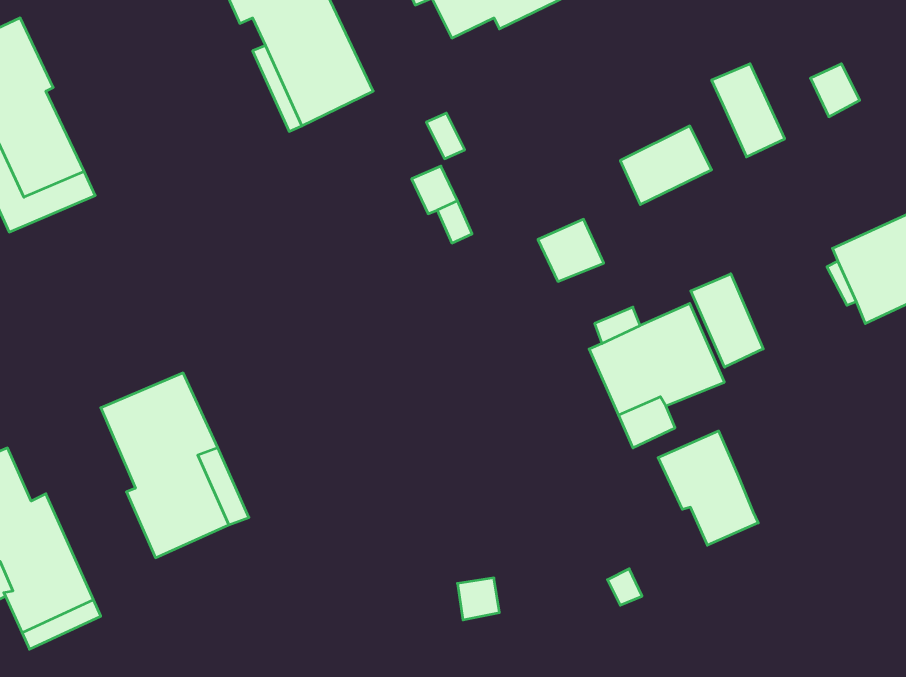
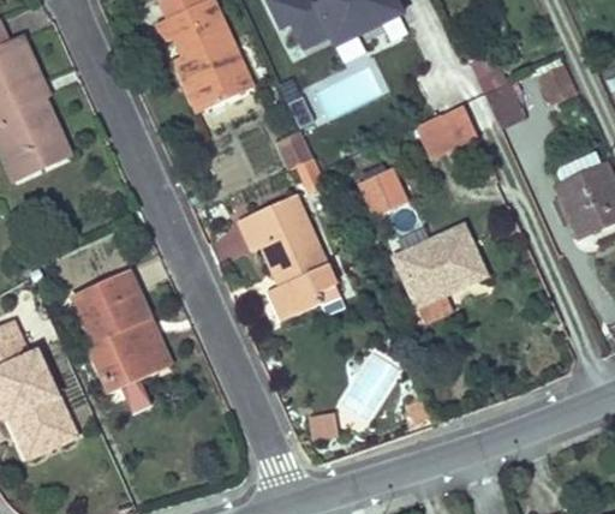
building: none -> [240,195,345,319]
building: [691,274,763,367] -> none
building: [658,431,758,545] -> none

